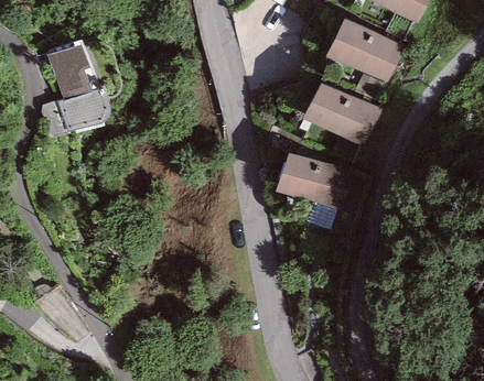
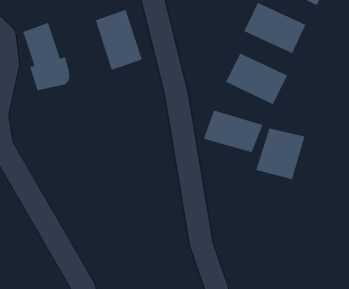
building: none -> [95,9,143,71]
building: none -> [255,128,306,180]

